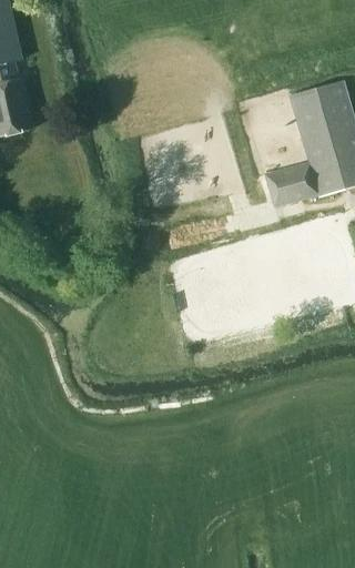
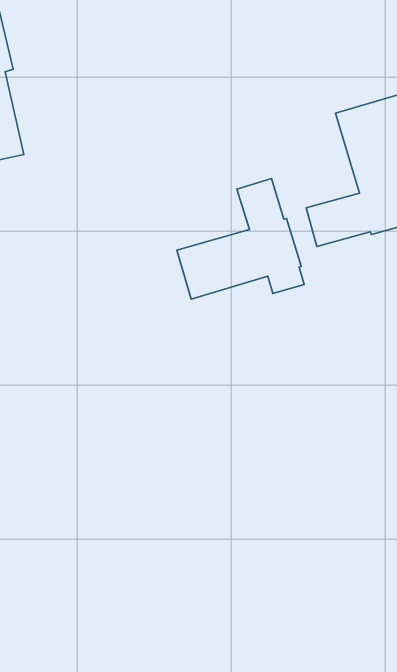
building: none -> [177,179,304,299]

